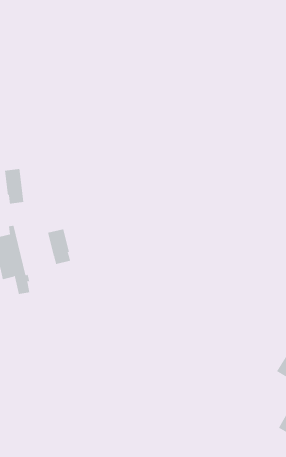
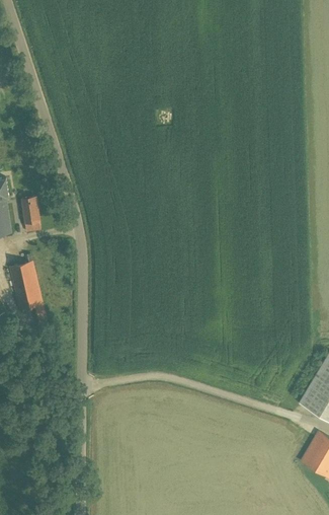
building: [48,228,71,265] -> none

